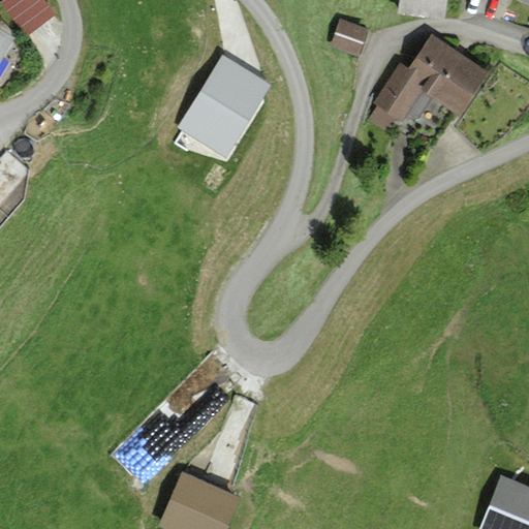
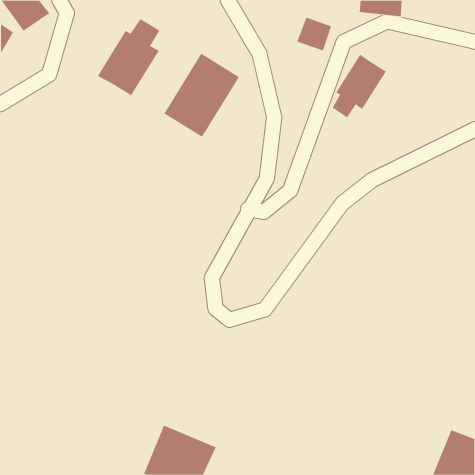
building: none -> [97,18,160,96]
building: [410,34,489,116] -> none

